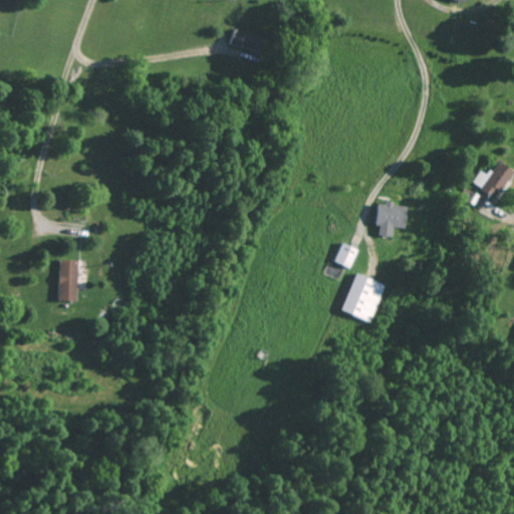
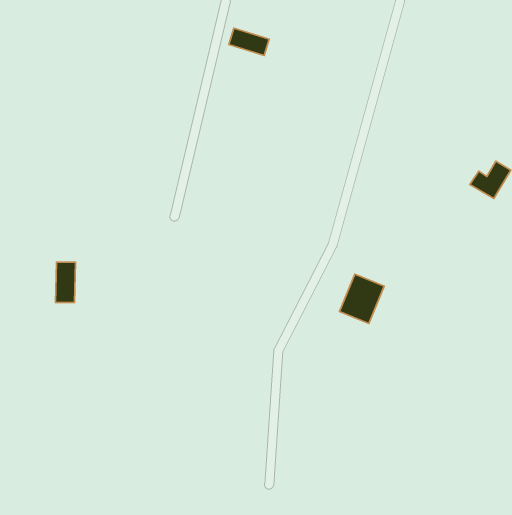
building: [376,203,407,236] -> none
building: [334,243,358,268] -> none

